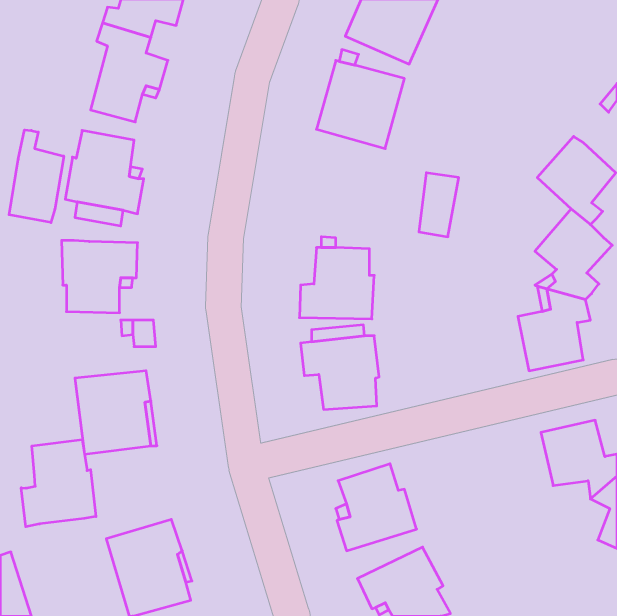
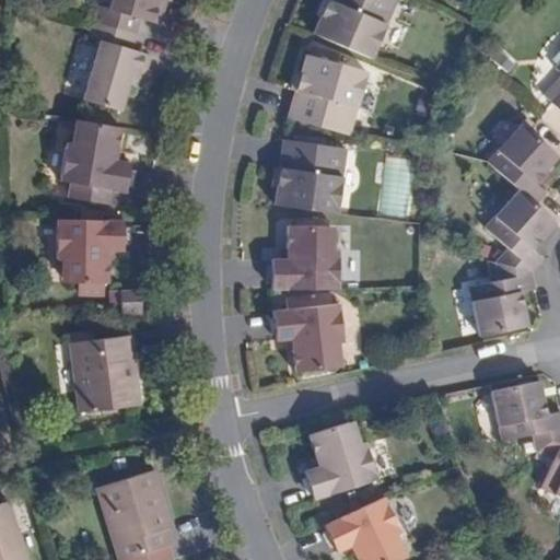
building: [9,130,64,223] -> none
building: none -> [272,139,346,212]
building: [21,440,96,527] -> none

